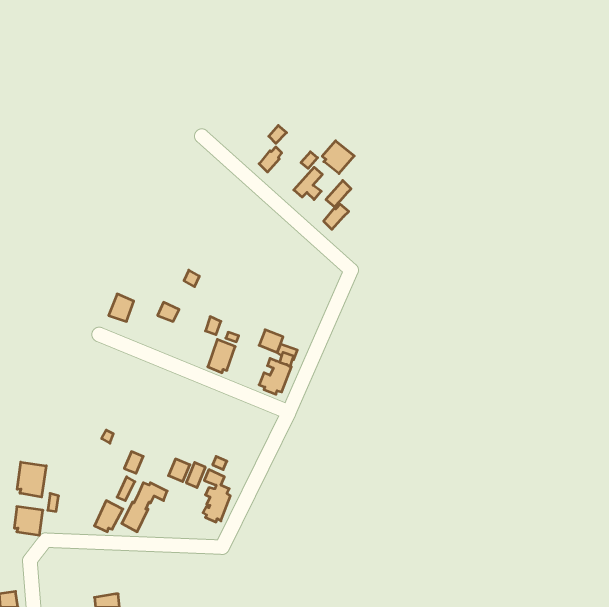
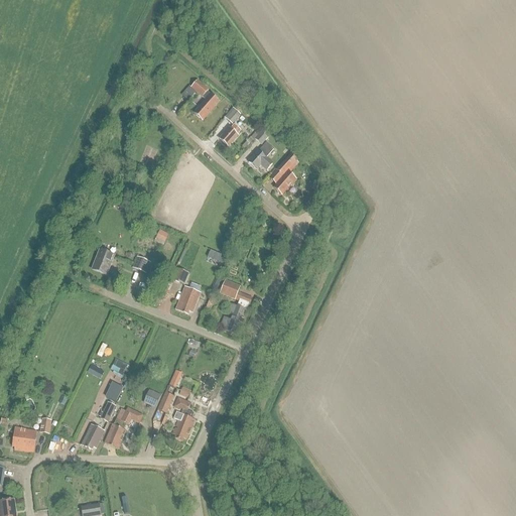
building: none -> [189,79,218,119]
building: [322,141,354,174] -> none
building: [17,462,46,497] -> none

